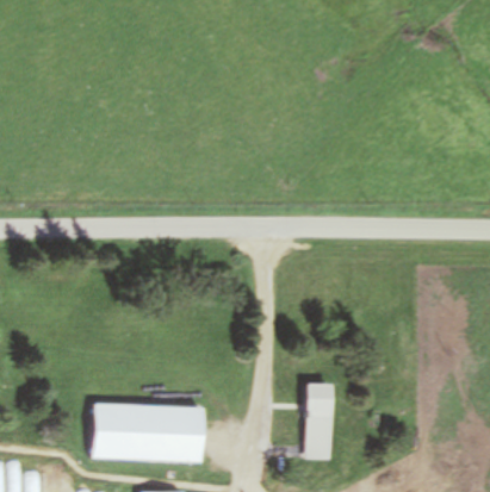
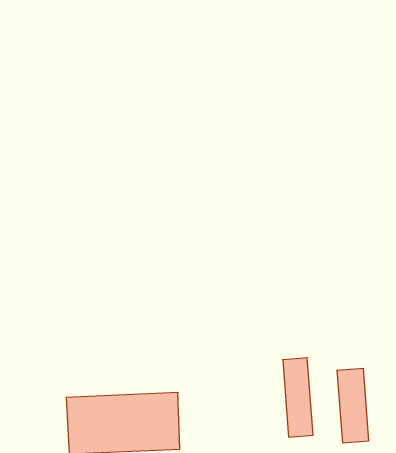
building: none -> [337,368,369,443]

